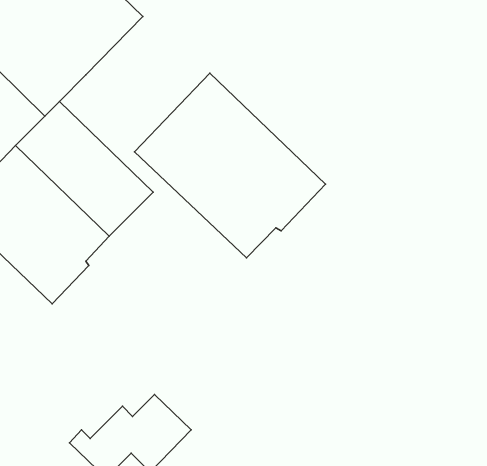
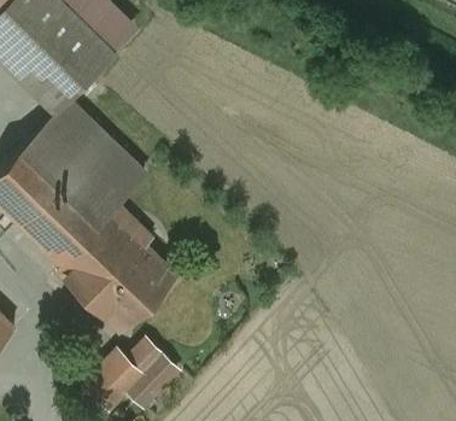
building: [134,73,326,258] -> none
building: none -> [59,212,175,332]

